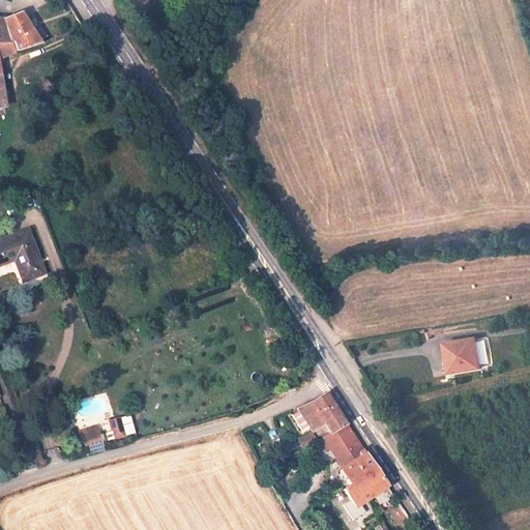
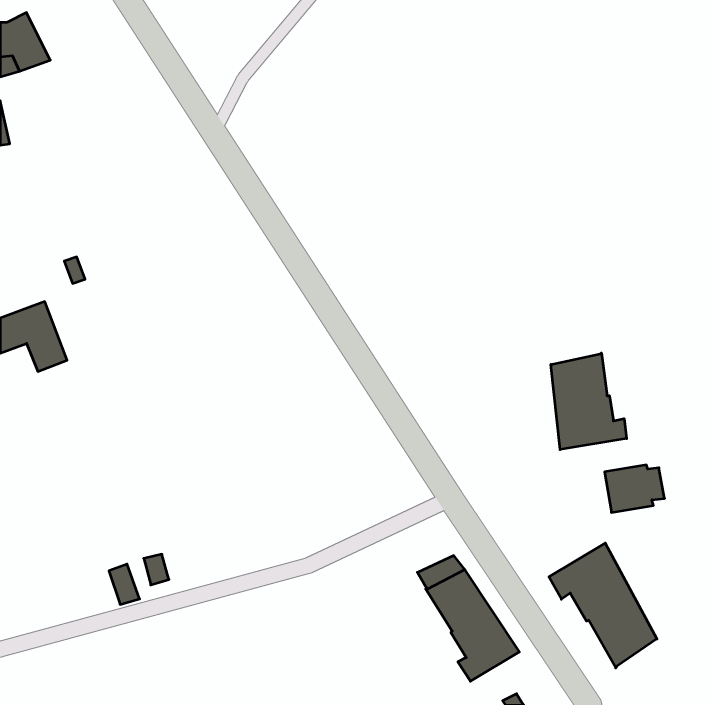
building: none -> [551,353,627,450]
building: [294,392,337,426] -> none
building: none -> [549,543,657,668]

